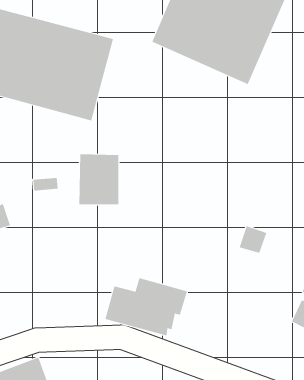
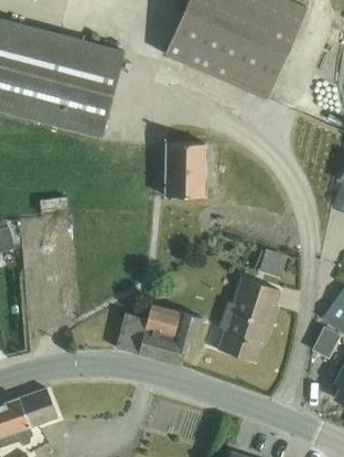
building: [79,154,119,205] -> [163,142,206,196]
building: none -> [218,277,278,362]

